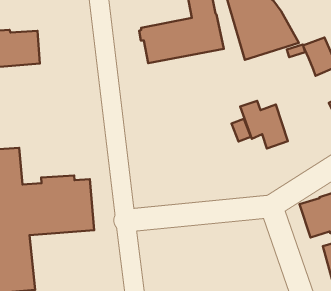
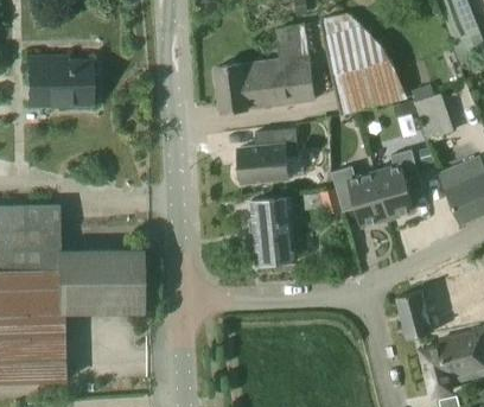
building: none -> [237,128,305,183]
building: none -> [376,150,425,218]
building: none -> [250,197,298,265]

